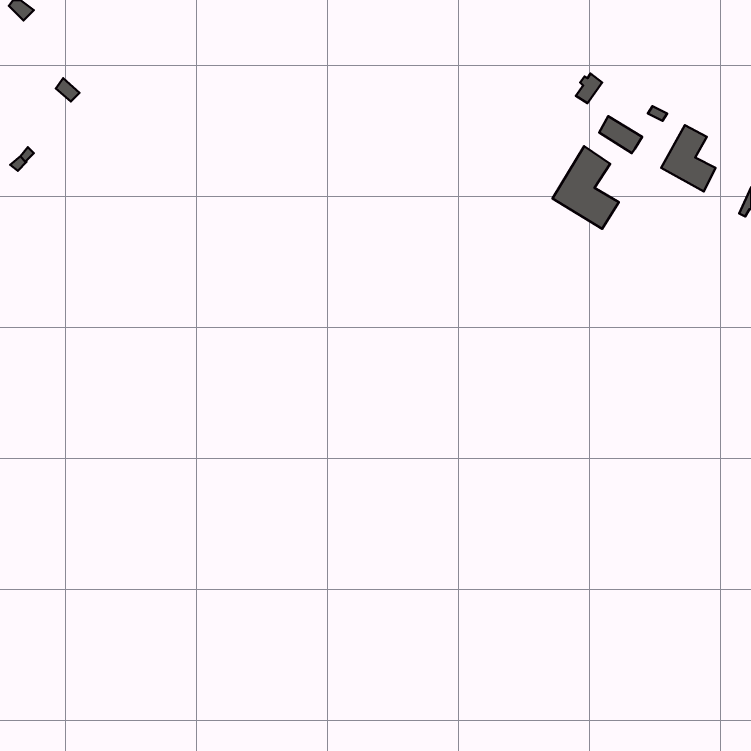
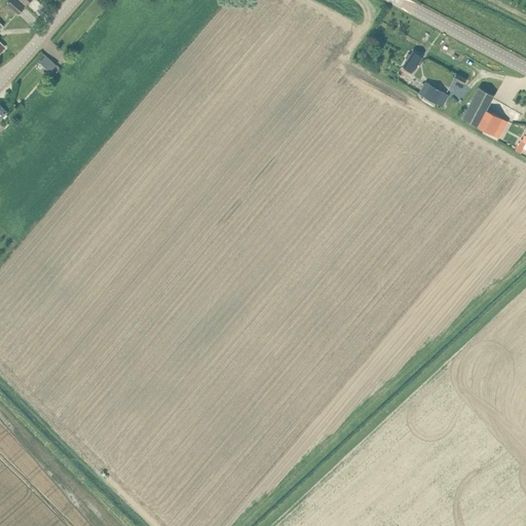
building: [552,146,619,229] -> none

